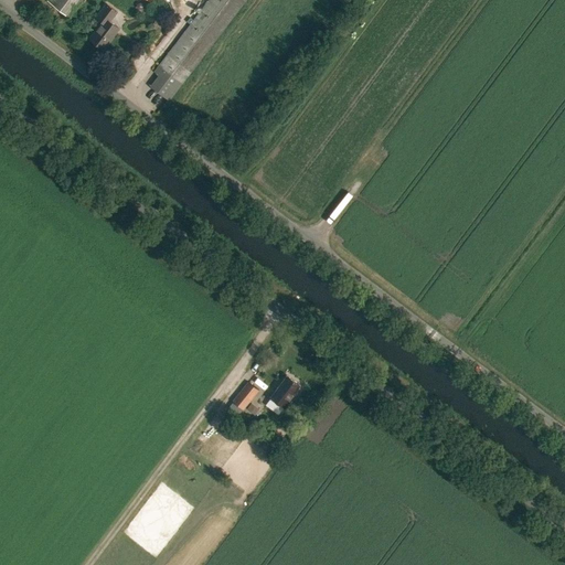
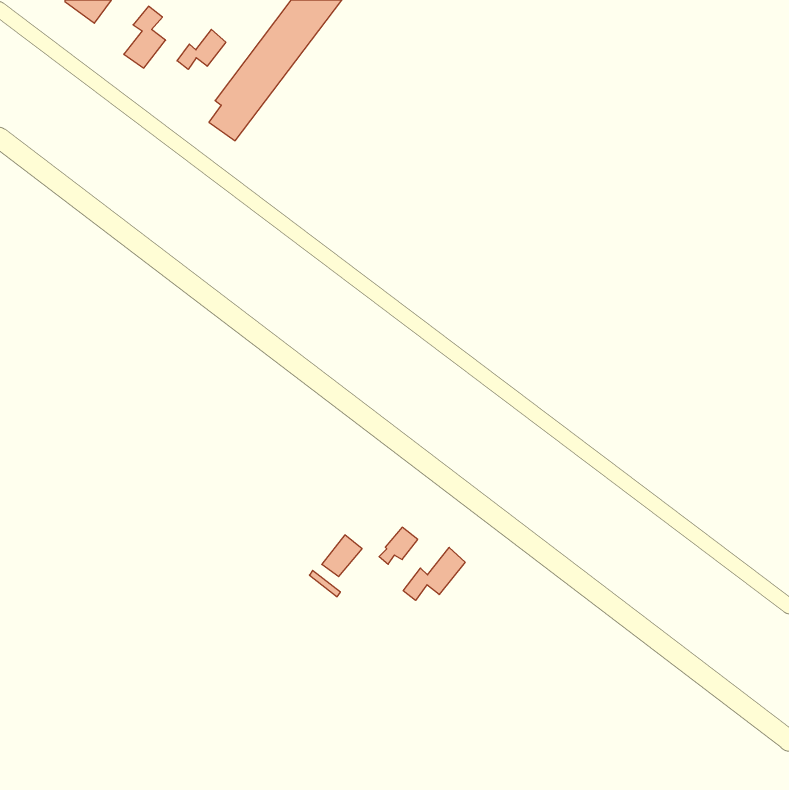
building: none -> [177,29,226,69]
building: none -> [403,547,465,600]

